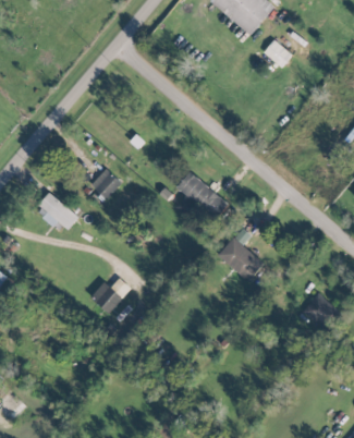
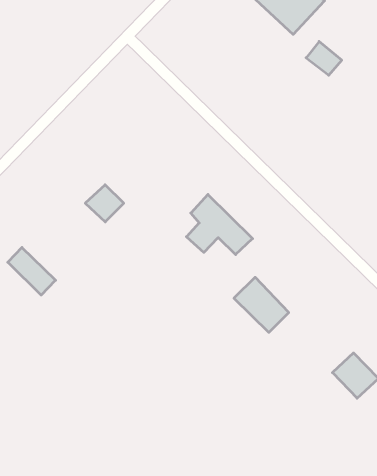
building: [38,192,78,230] -> [8,247,56,295]
building: [90,278,130,312] -> none

